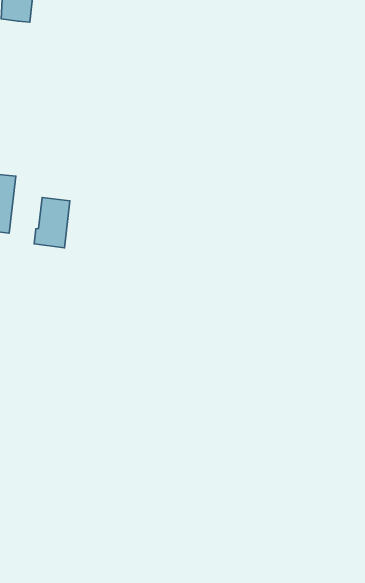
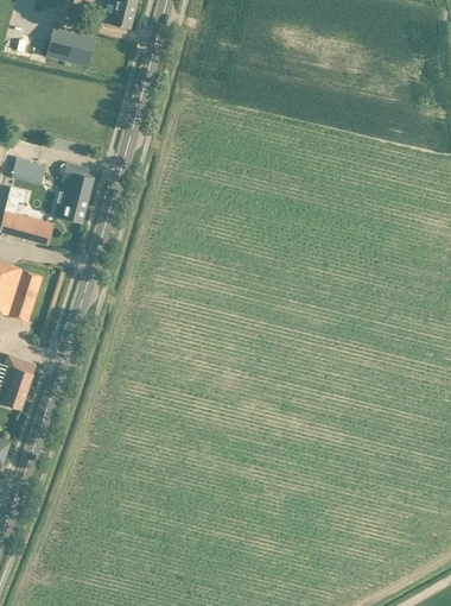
building: [34,197,70,248] -> none

